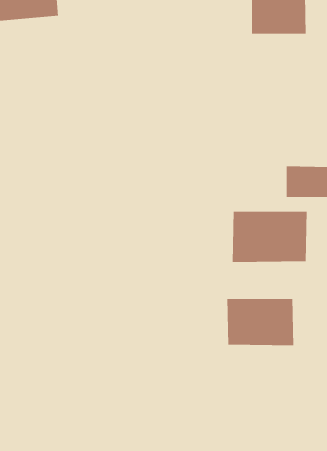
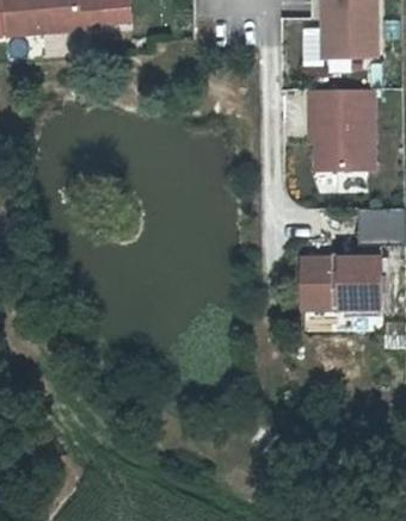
building: none -> [312,87,377,169]
building: [226,298,294,346] -> none

